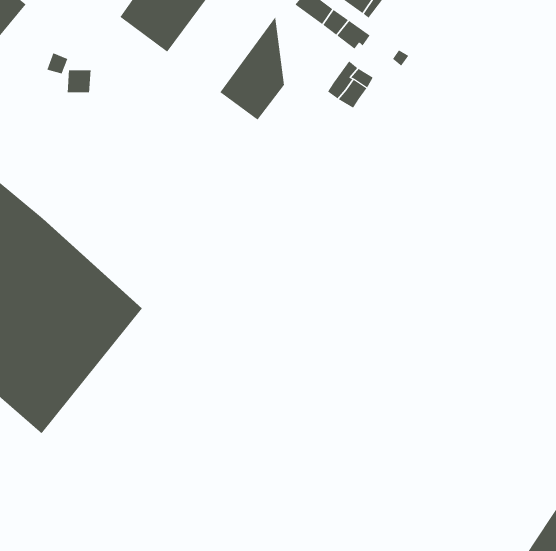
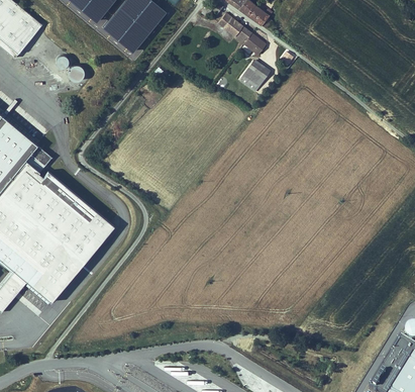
building: [219,16,284,120] -> none

